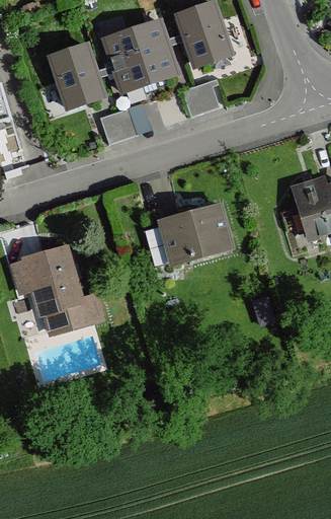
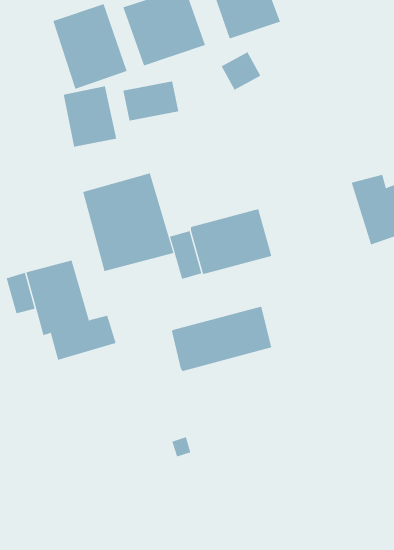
building: none -> [63,86,117,147]
building: none -> [82,173,174,272]
building: none -> [171,306,272,372]

